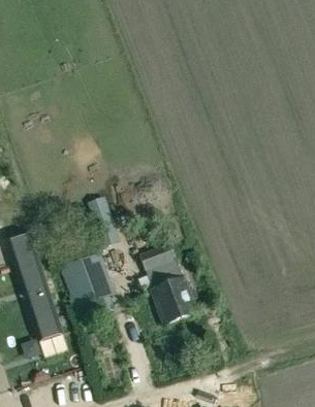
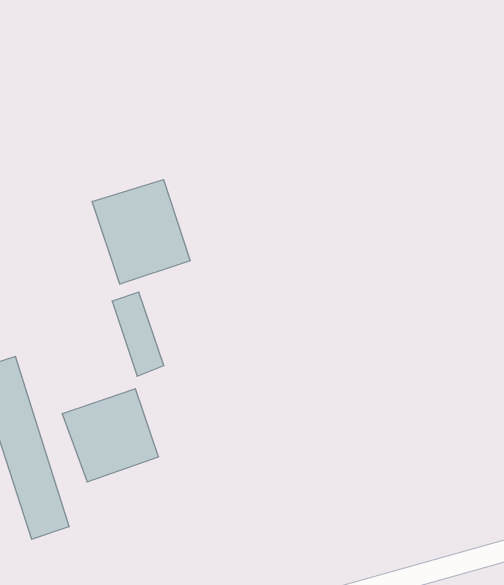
building: none -> [92,180,190,284]
building: [140,244,197,325] -> none

